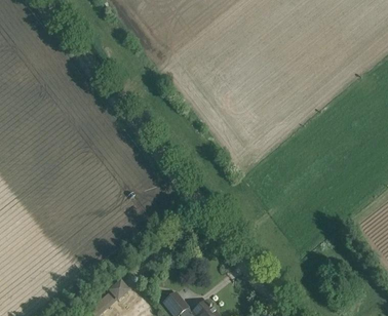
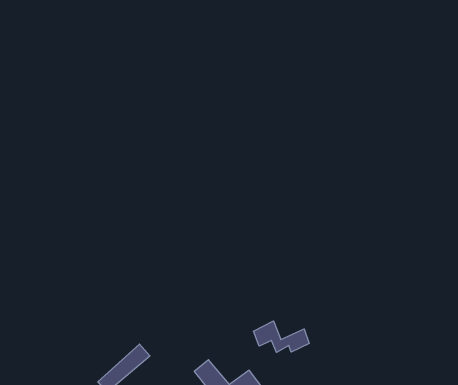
building: none -> [254,321,309,352]

